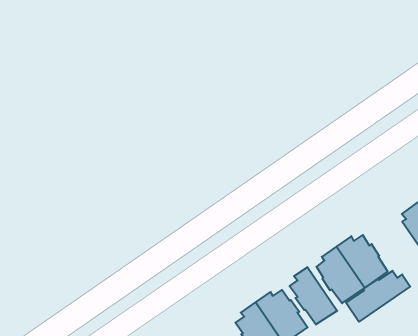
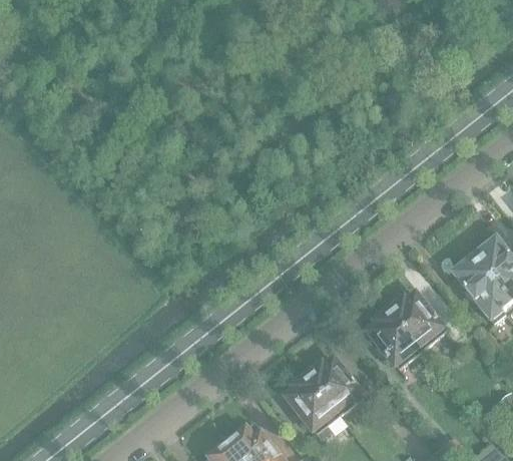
building: [290,267,337,325] -> none
building: [346,271,410,322] -> none

